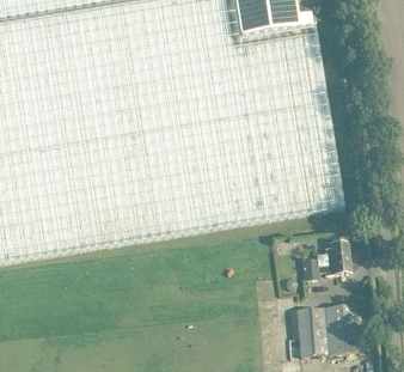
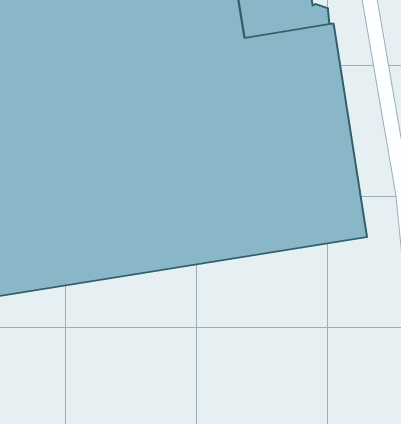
building: [301,240,349,279] -> none
building: [296,303,363,355] -> none

